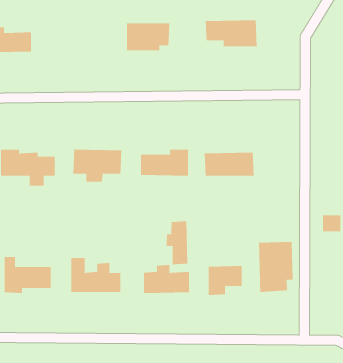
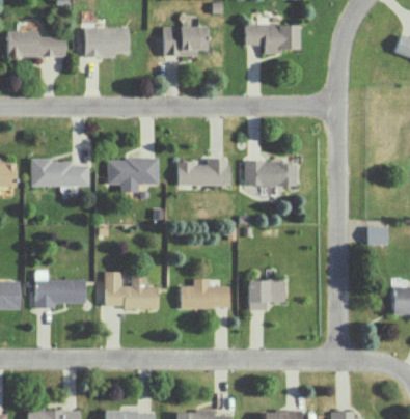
building: none -> [83,28,129,58]
building: [166,221,188,265] -> none
building: [258,241,293,293] -> none

